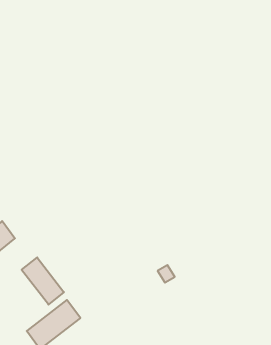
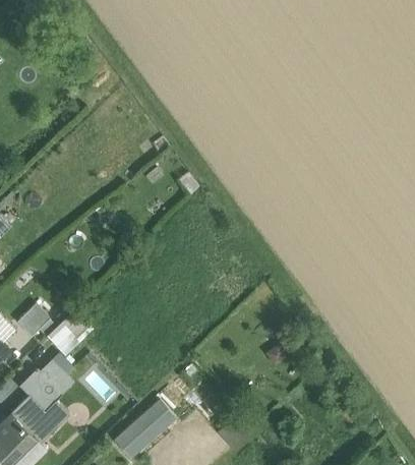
building: [22,257,64,305] -> none

